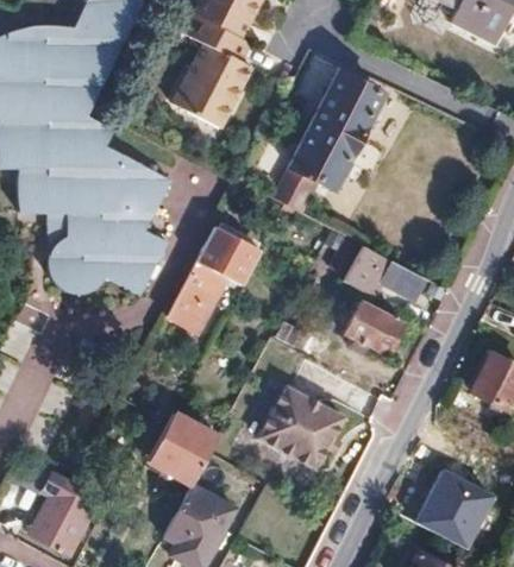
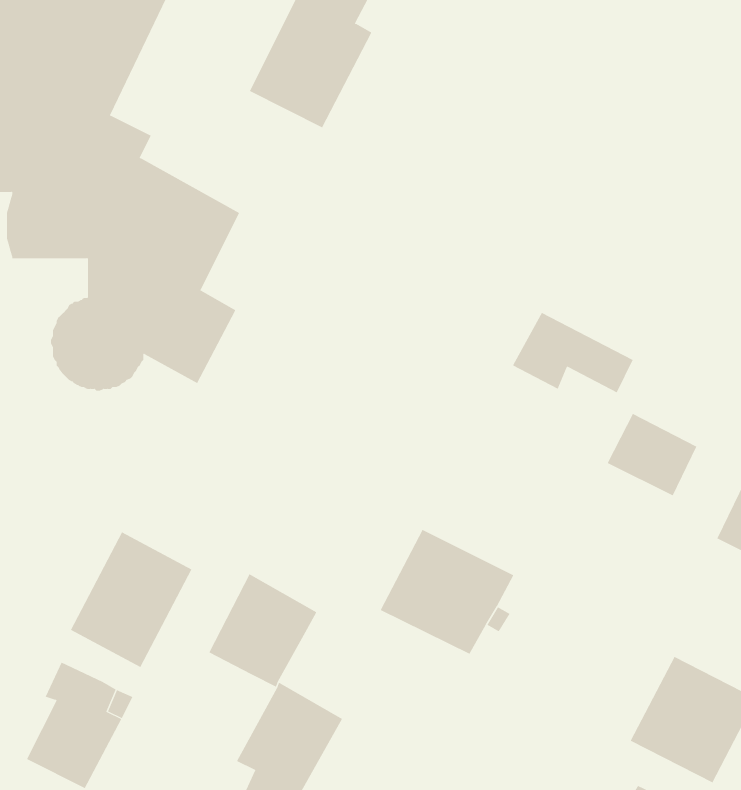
building: [276,69,382,207] -> none
building: [167,226,259,333] -> none
building: [345,300,403,353] -> [607,413,697,496]
building: none -> [70,531,192,668]

